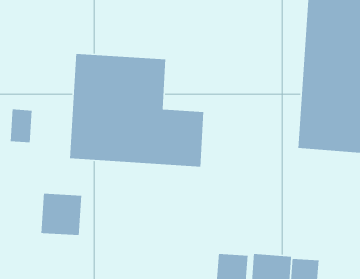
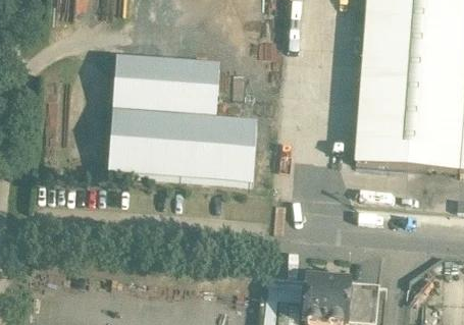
building: [10,109,33,143] -> none
building: [41,193,82,236] -> none

